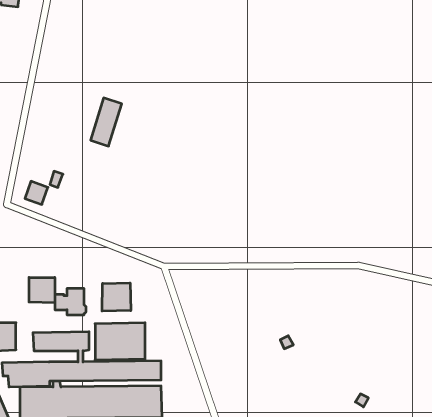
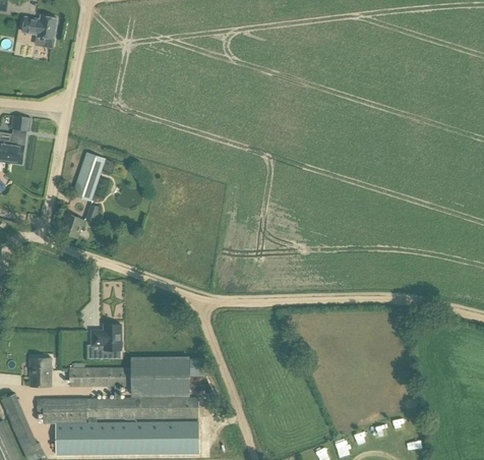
building: [91,98,122,146] -> [72,151,104,199]
building: [29,277,55,303] -> none
building: [102,283,131,311] -> none

